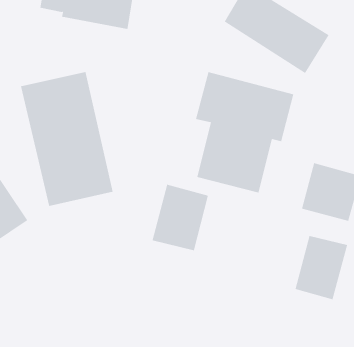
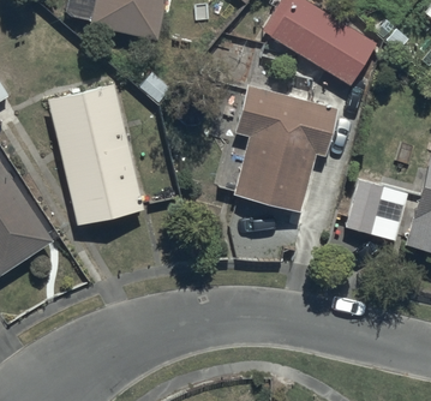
building: [152,184,209,251] -> none
building: [295,235,348,300] -> none

